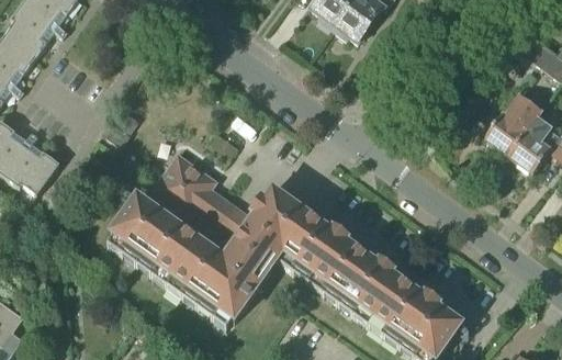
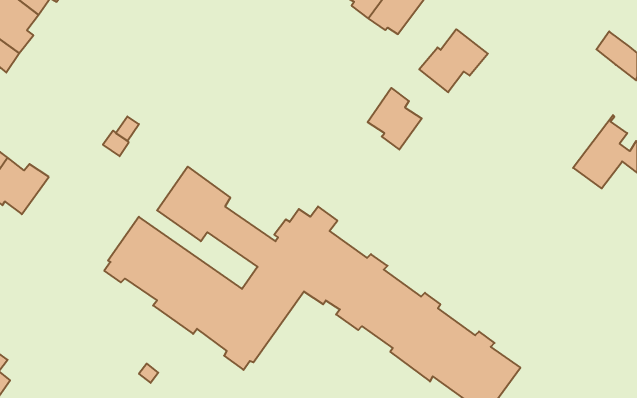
building: none -> [419,29,488,92]
building: none -> [368,88,422,150]
building: [481,93,540,155] -> none

